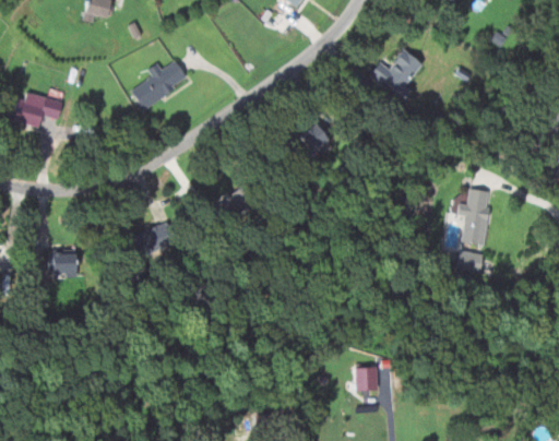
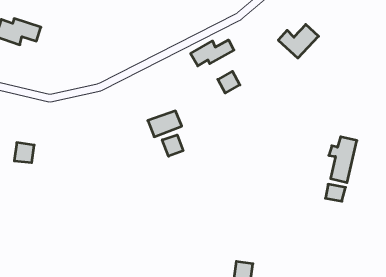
building: [132,60,189,108] -> none
building: none -> [191,40,234,66]
building: none -> [162,135,183,156]
building: [128,219,177,259] -> none

